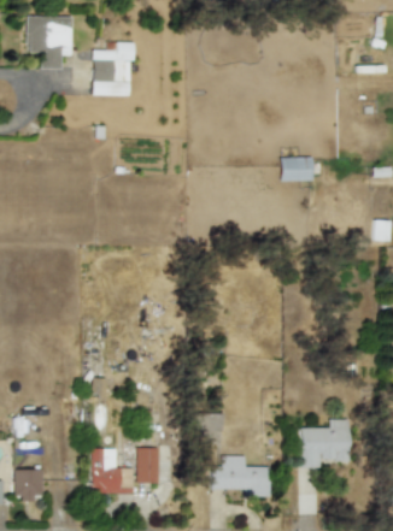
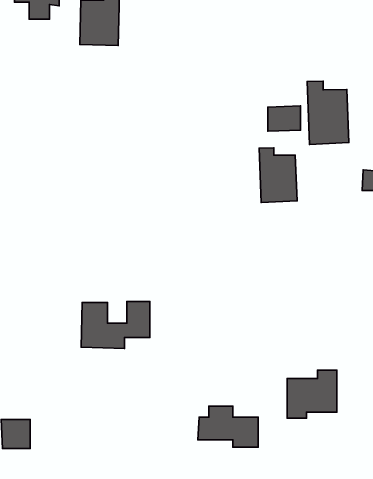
building: none -> [307,81,349,144]
building: none -> [259,148,297,202]
building: [92,447,160,494] -> [81,301,150,348]

